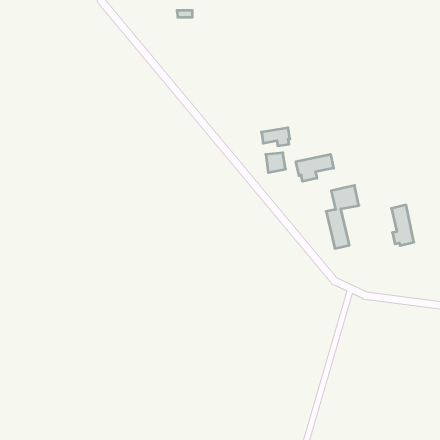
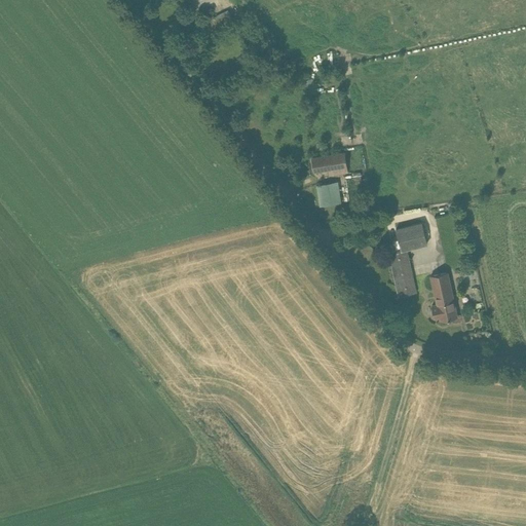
building: [296,154,334,181] -> none
building: [391,205,414,246] -> [429,272,456,321]

